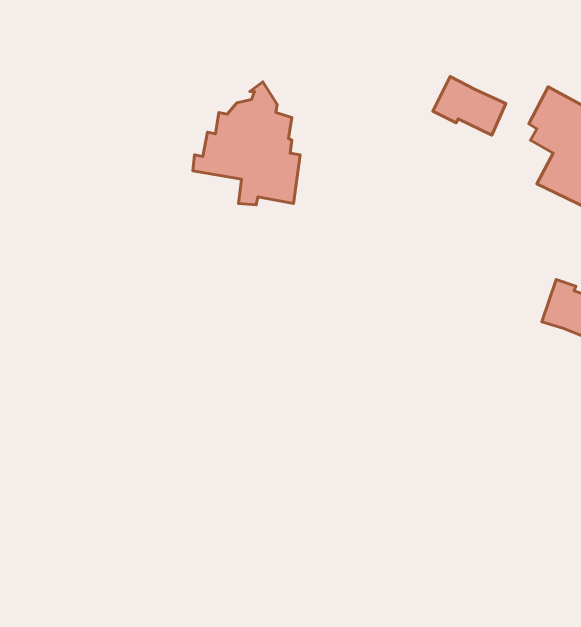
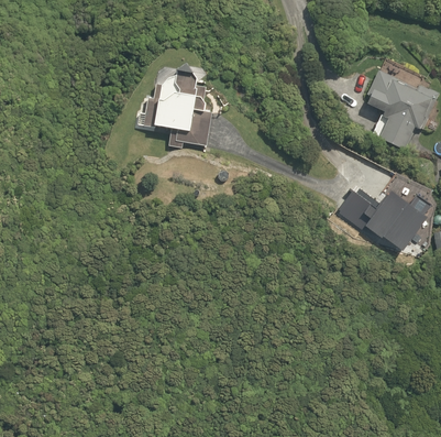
building: [433,77,506,135] -> none
building: none -> [340,189,373,222]

